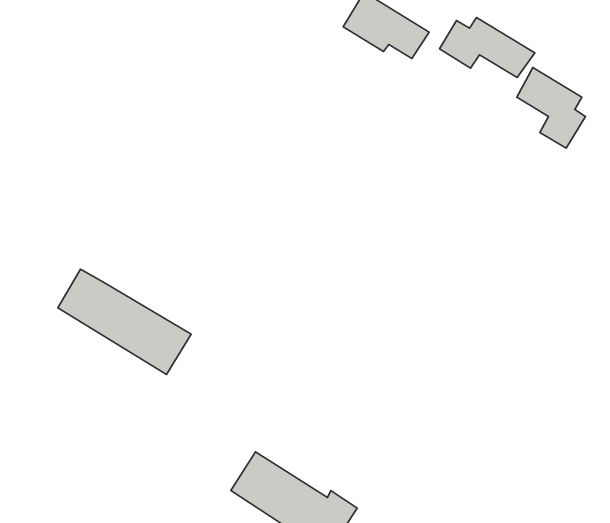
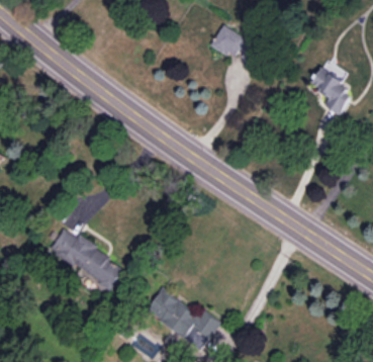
building: [439,17,535,77] -> none
building: [58,269,191,375] -> [50,230,126,290]

